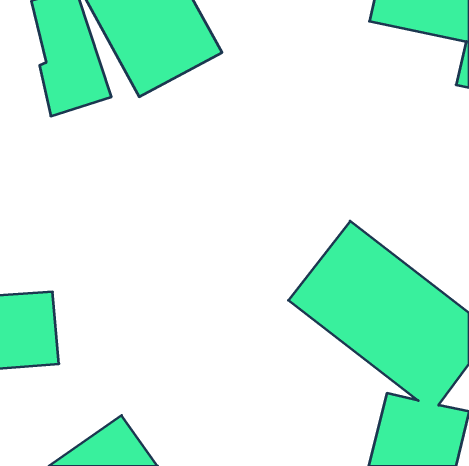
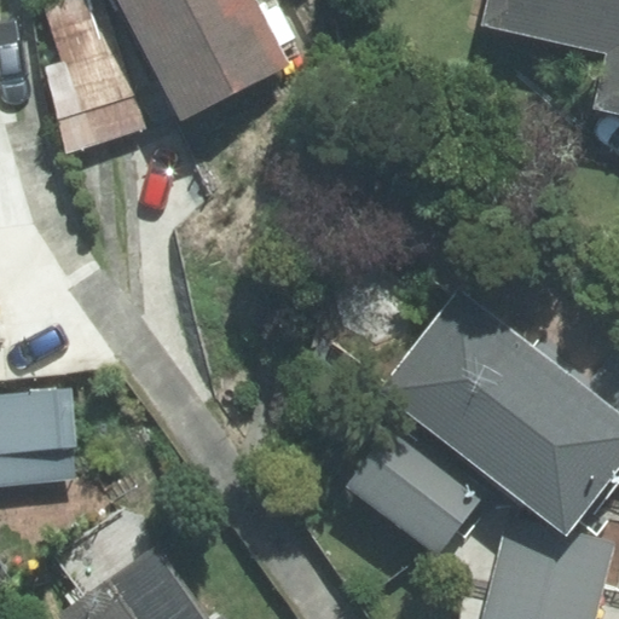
building: none -> [348,427,488,557]

